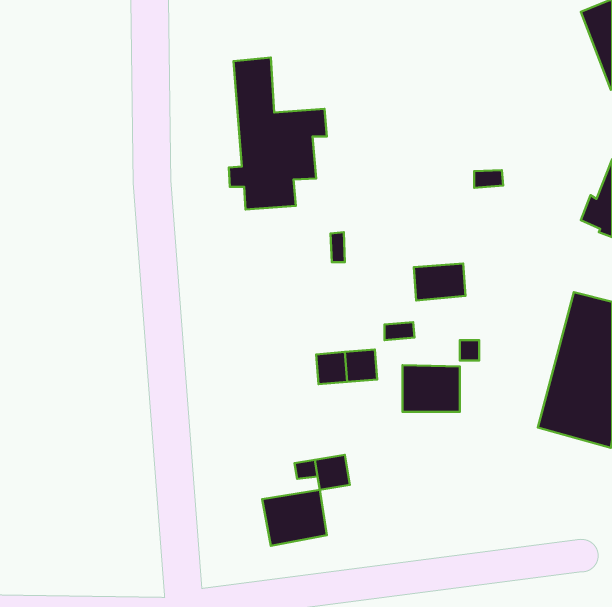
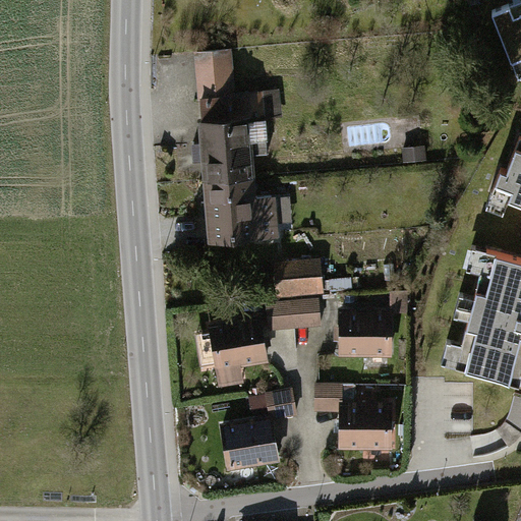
building: none -> [202,179,276,240]
building: [414,264,465,301] -> [278,264,322,295]
building: none -> [197,321,267,388]
building: none -> [316,387,392,448]

